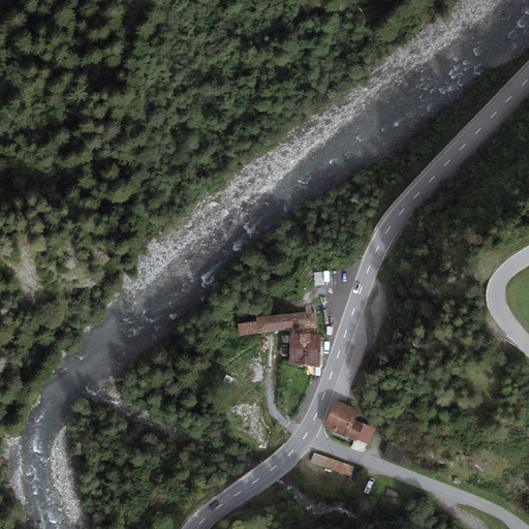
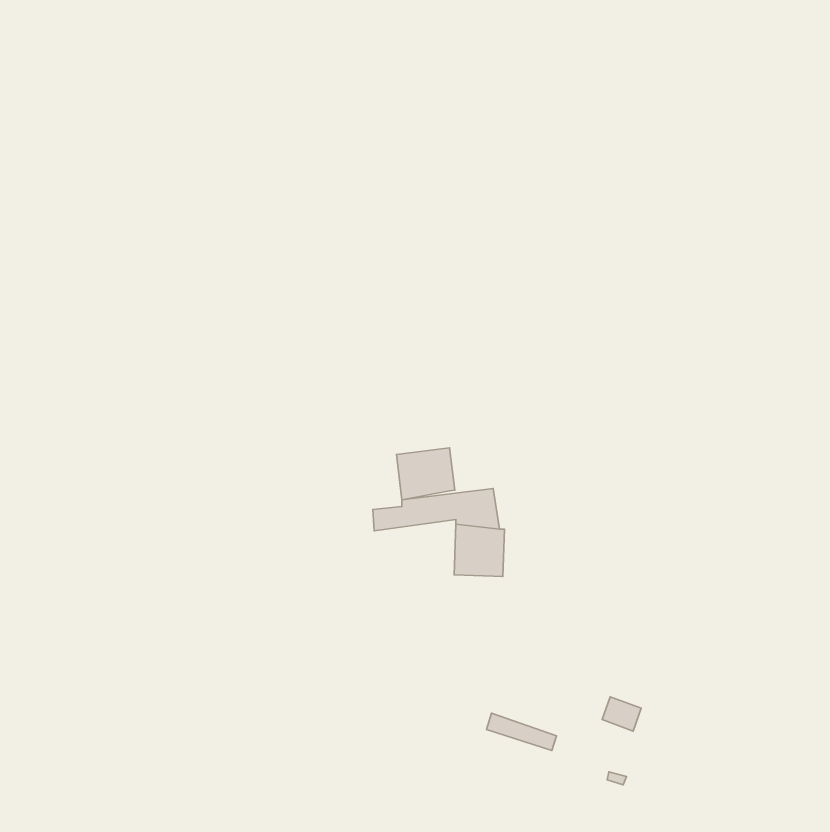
building: none -> [396,448,455,500]
building: [322,400,374,444] -> none

